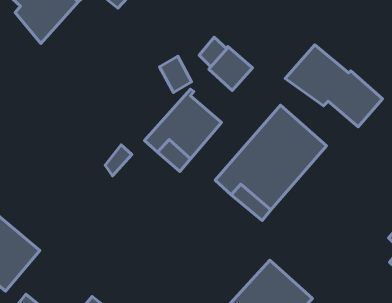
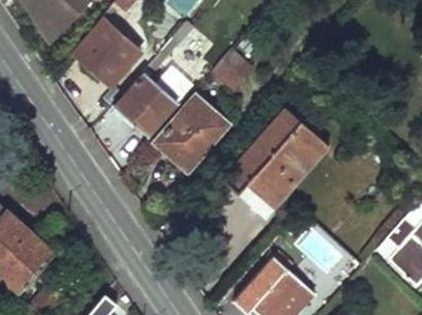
building: none -> [74,10,141,86]
building: none -> [115,23,193,137]
building: [285,45,382,127] -> none

